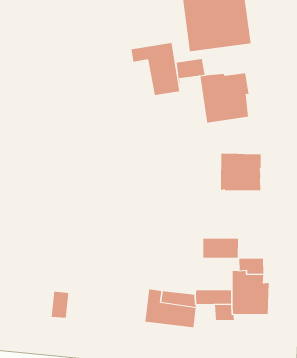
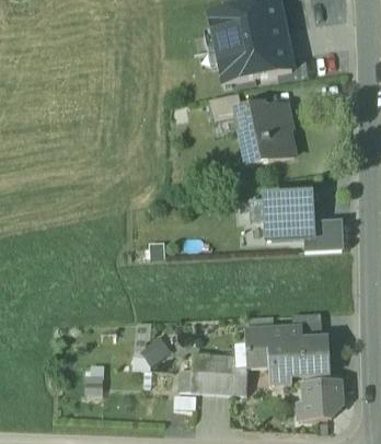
building: [131,42,180,96] -> none
building: none -> [304,221,342,249]
building: [202,238,239,258] -> [245,327,287,351]
building: none -> [136,334,172,367]
building: none -> [298,373,342,419]

